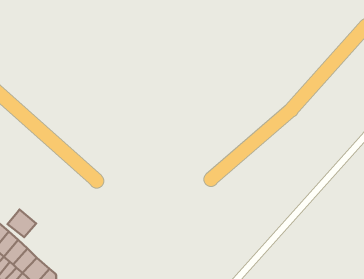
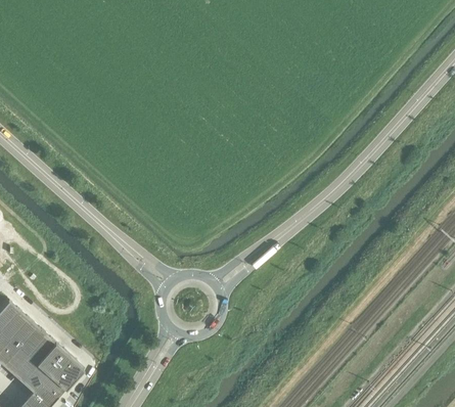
building: [8,209,36,237] -> none

